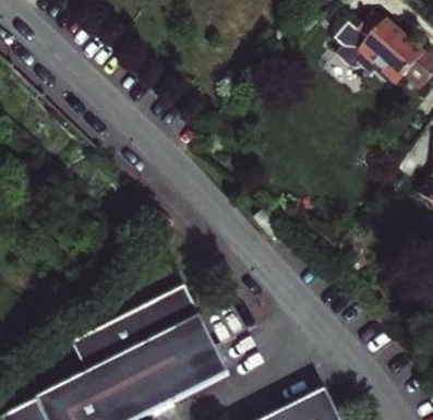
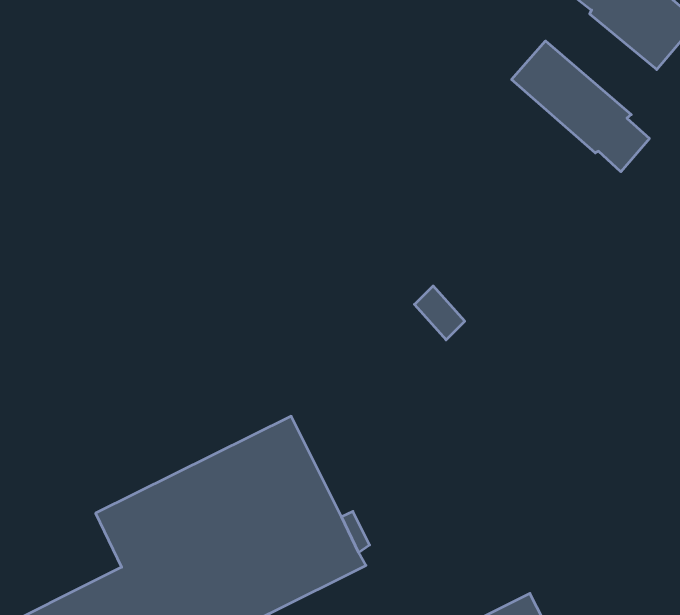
building: none -> [512,41,649,172]

